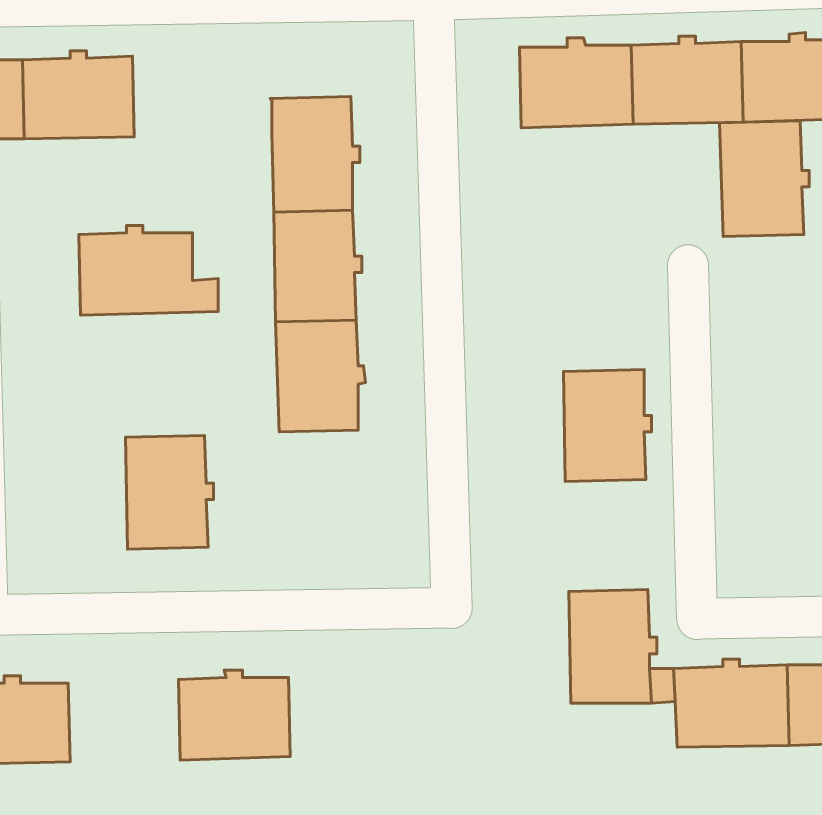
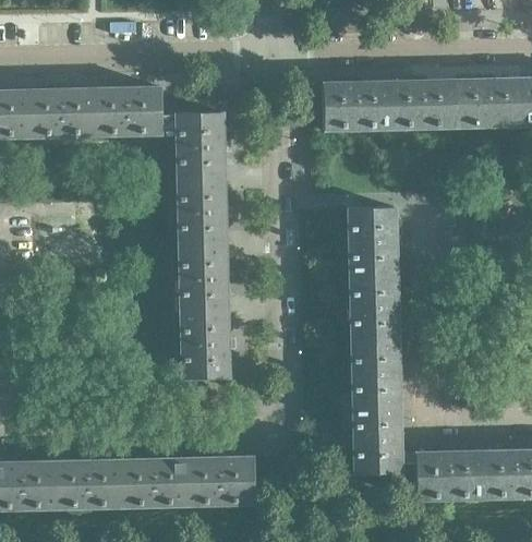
building: [719,121,809,236] -> [347,208,400,277]
building: [79,225,218,315] -> [93,84,176,137]
building: [126,435,214,549] -> [180,312,232,380]
building: none -> [350,341,403,408]
building: none -> [185,454,254,506]
building: none -> [55,457,121,509]

